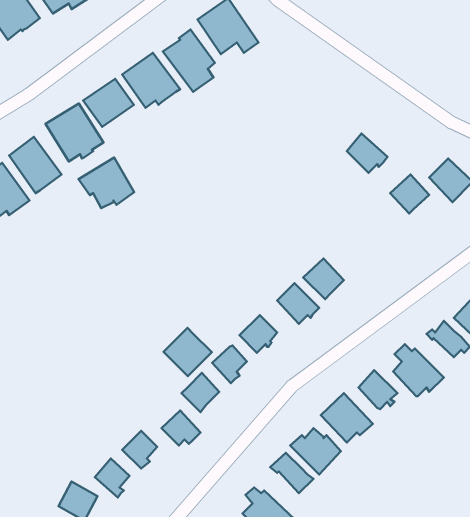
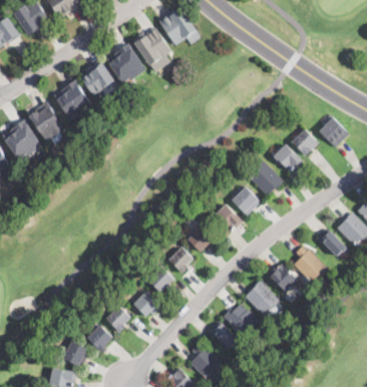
building: [347,134,387,173] -> [274,144,302,171]
building: [79,157,134,208] -> none
building: none -> [245,160,283,196]
building: [164,328,212,376] -> none

